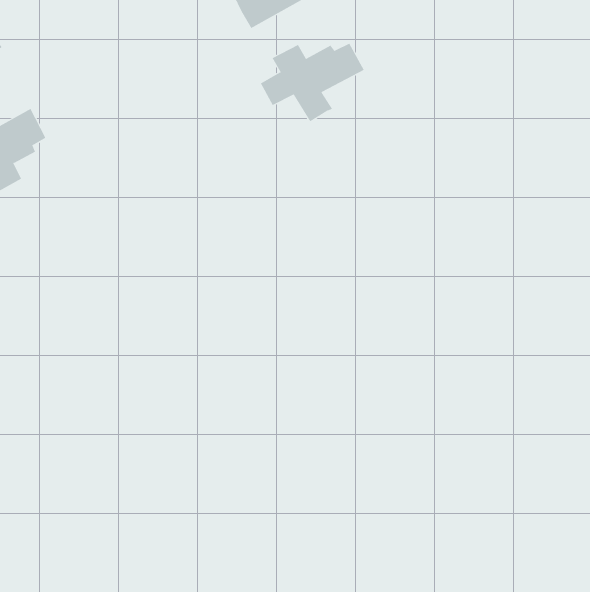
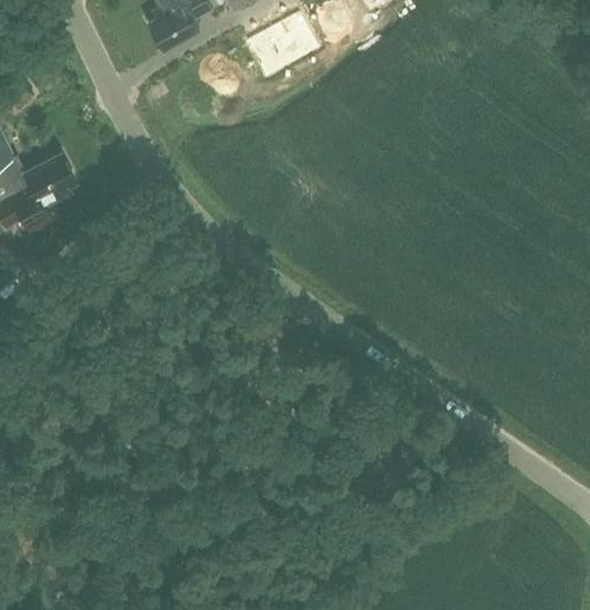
building: [260,43,365,122] -> none

